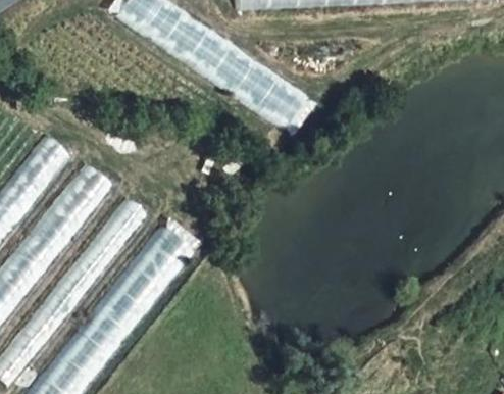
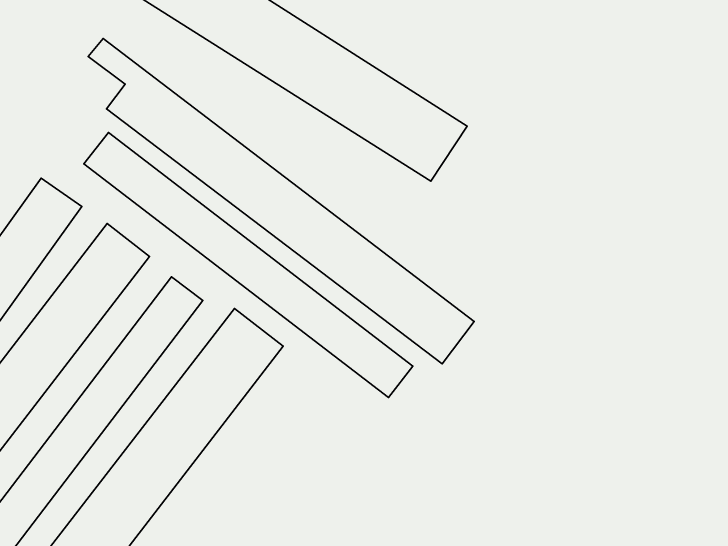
building: none -> [88,39,474,364]
building: none -> [84,133,413,398]

